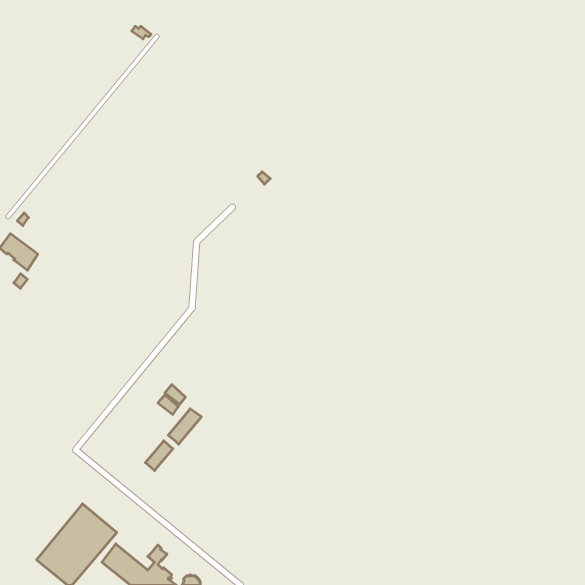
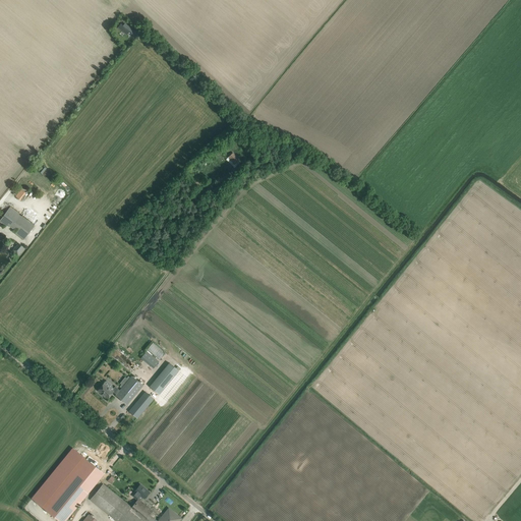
building: none -> [98,377,142,405]

